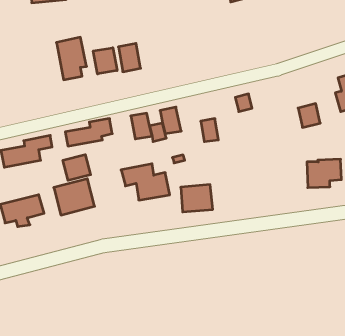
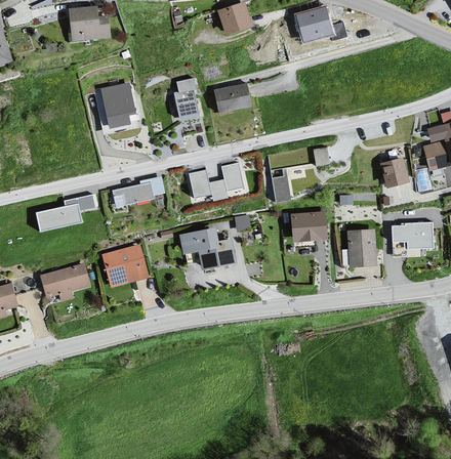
building: none -> [211,81,249,114]
building: [93,48,117,74] -> none
building: [63,155,91,180] -> none
building: none -> [350,231,375,264]
building: [181,185,213,212] -> [289,212,326,244]

